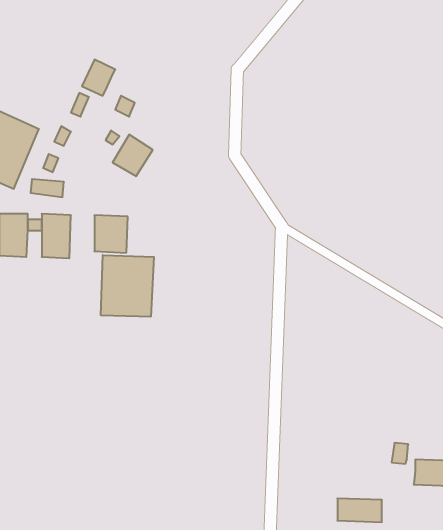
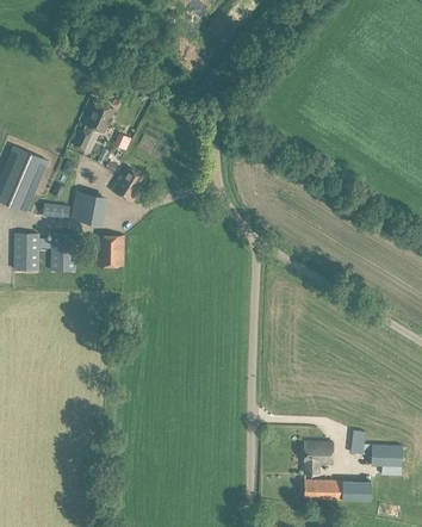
building: none -> [72,190,104,223]
building: [101,255,154,317] -> none
building: none -> [304,442,333,473]
building: none -> [342,479,371,498]

